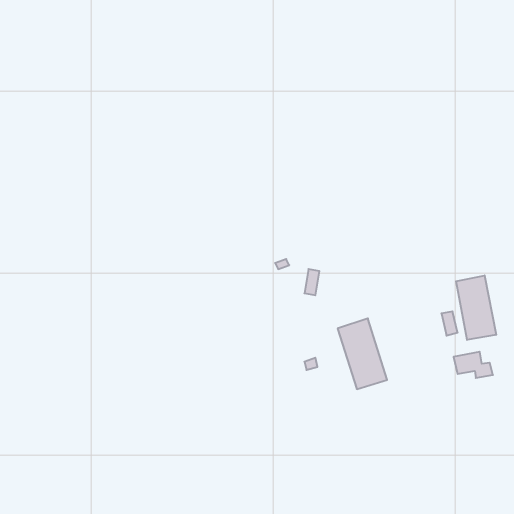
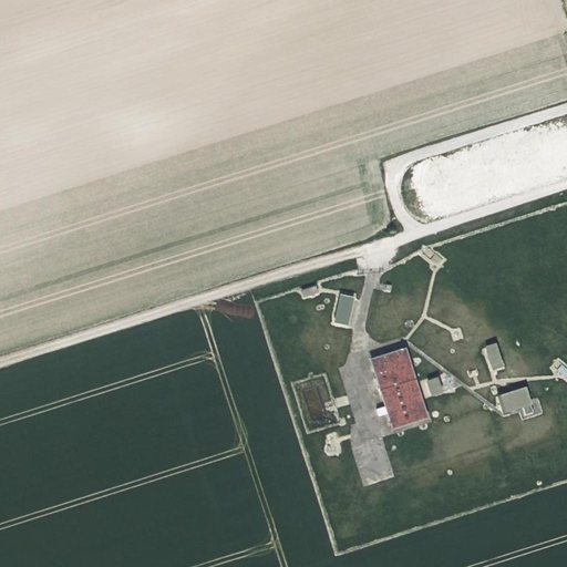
building: [456,275,496,340] -> none

